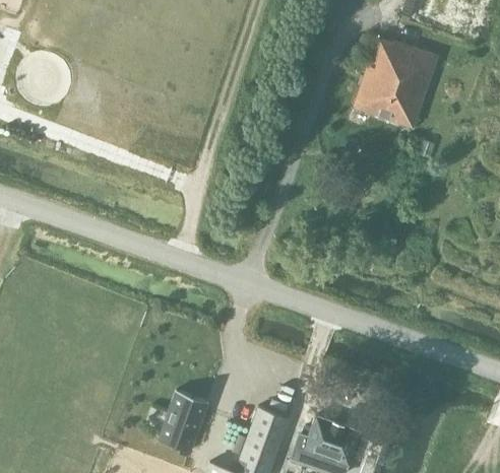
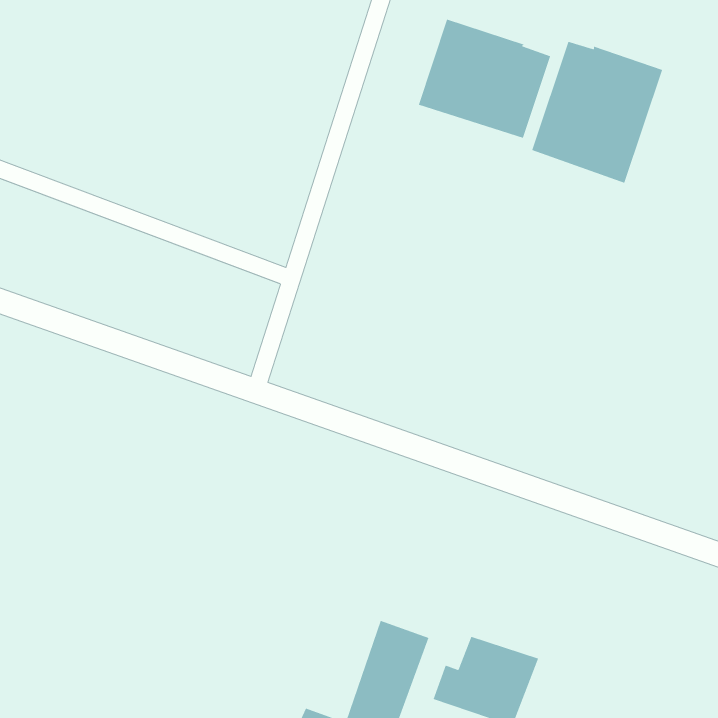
building: none -> [418,18,551,139]
building: [159,391,207,452] -> none

